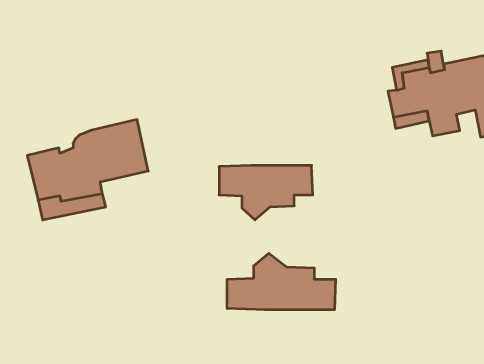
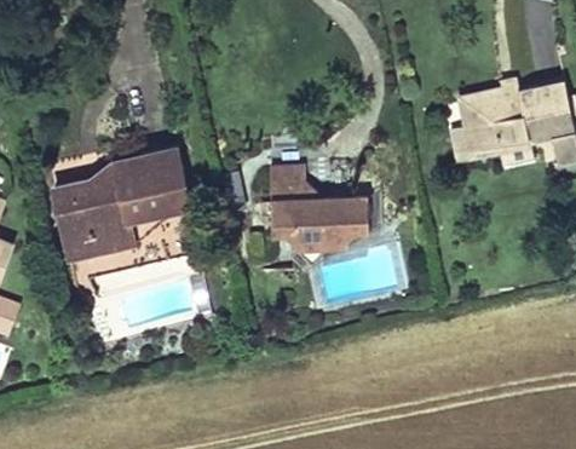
building: none -> [266,168,303,202]
building: [227,253,336,310] -> none

